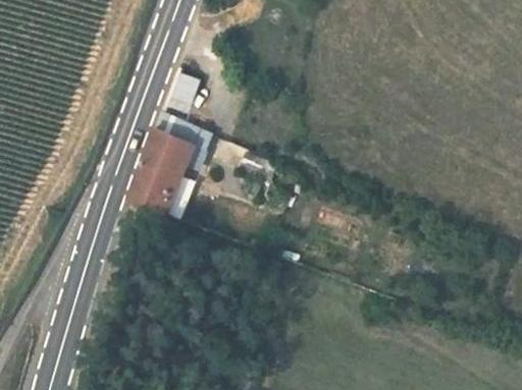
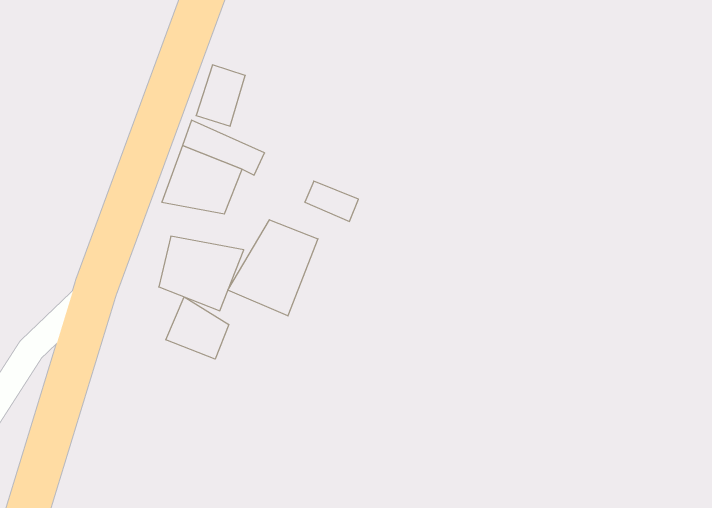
building: none -> [228,220,318,316]
building: none -> [166,297,229,359]

